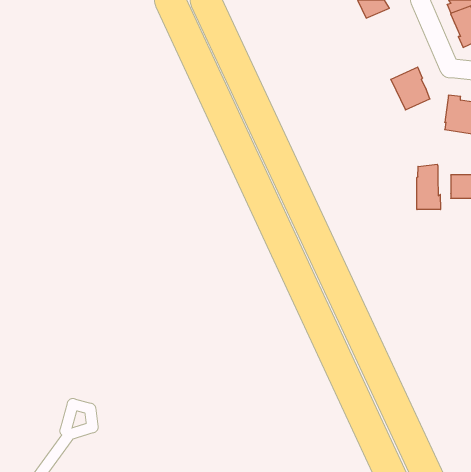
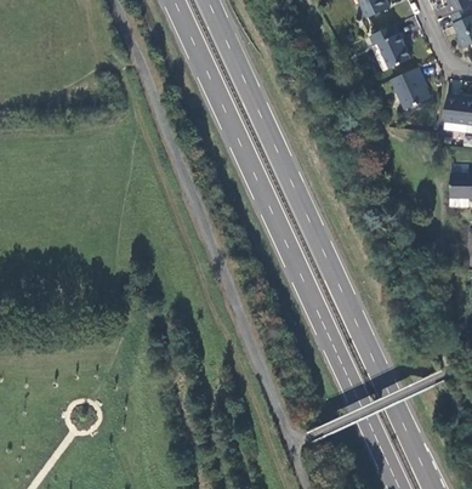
building: none -> [371,25,410,68]
building: [417,164,440,210] -> none

